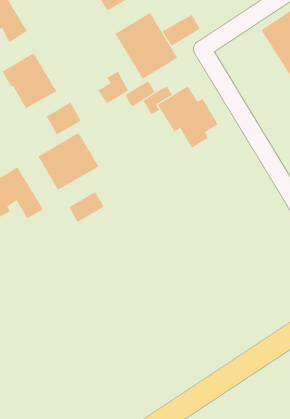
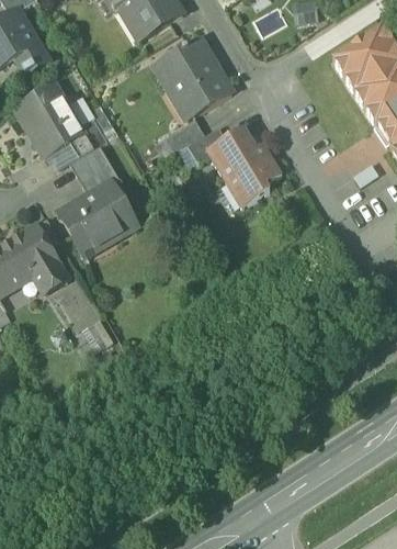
building: [162,14,201,47] -> none
building: [97,71,129,104] -> [69,116,107,157]
building: [68,191,104,223] -> none

